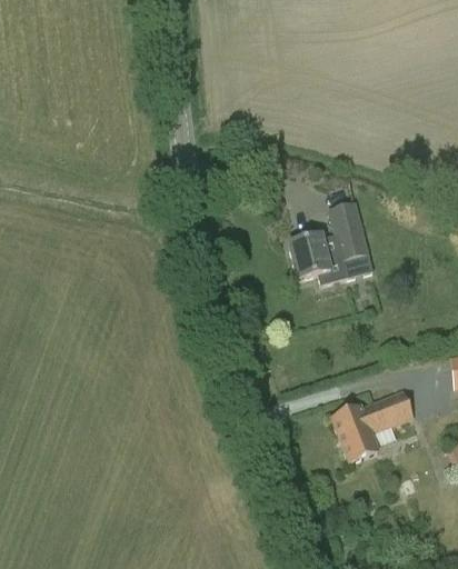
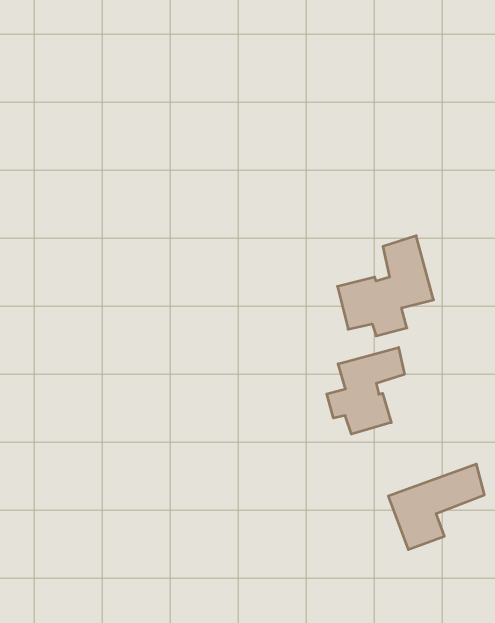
building: none -> [327,347,404,434]

